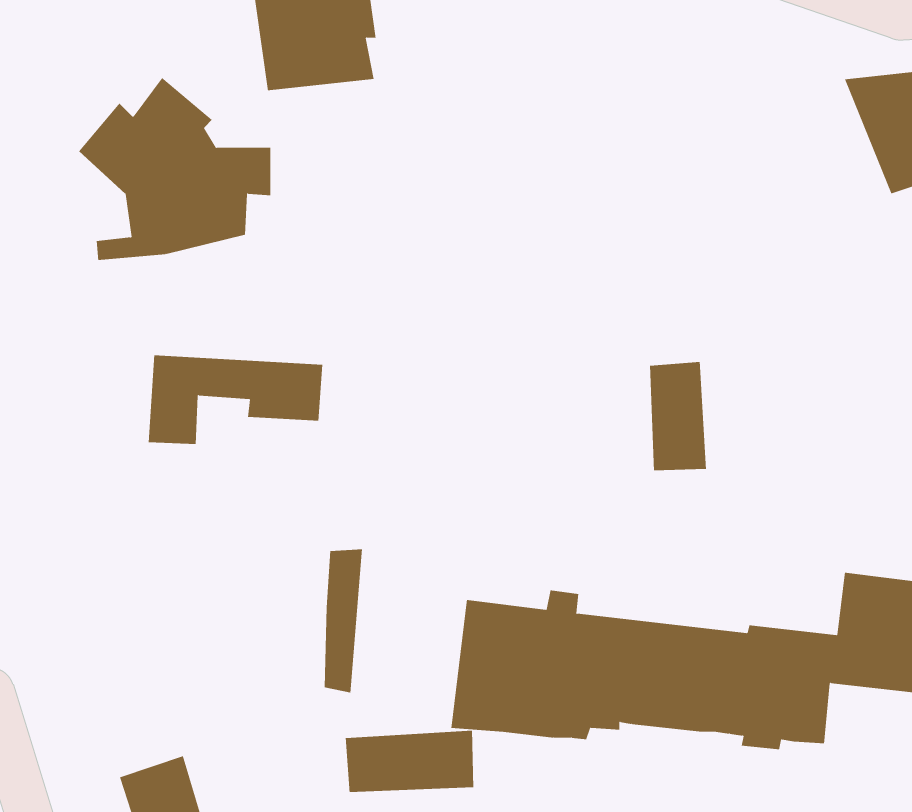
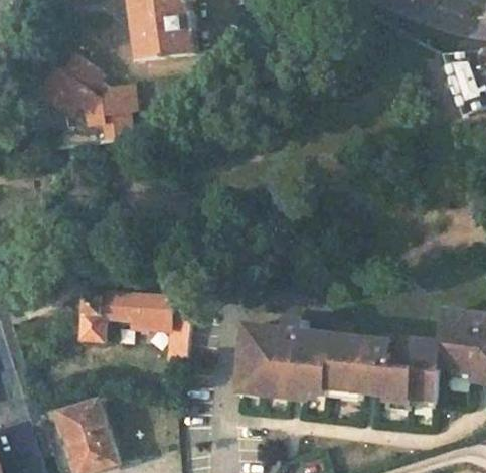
building: [148,355,323,444] -> [80,294,171,340]
building: [649,361,707,471] -> none
building: [345,730,474,793] -> none

